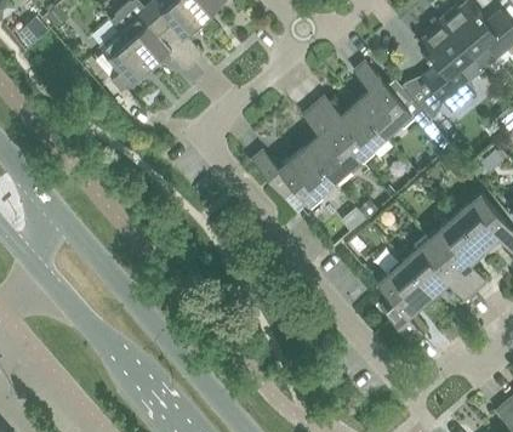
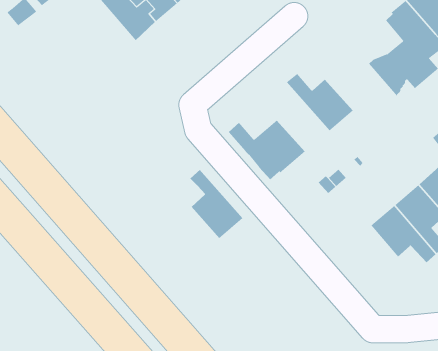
building: [98,29,153,92] -> none
building: [353,63,431,138] -> none
building: [302,108,359,182] -> [190,169,243,239]
building: [376,261,432,346] -> none

